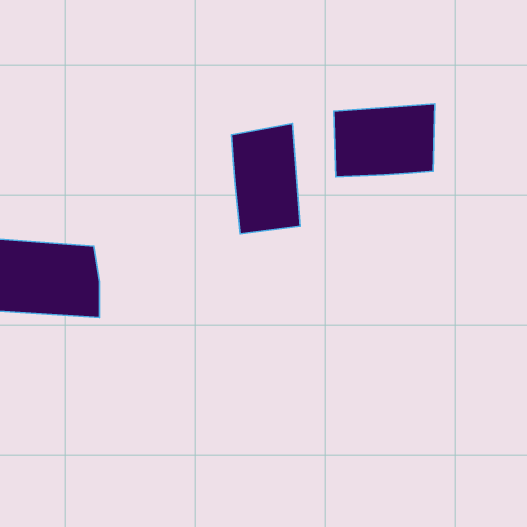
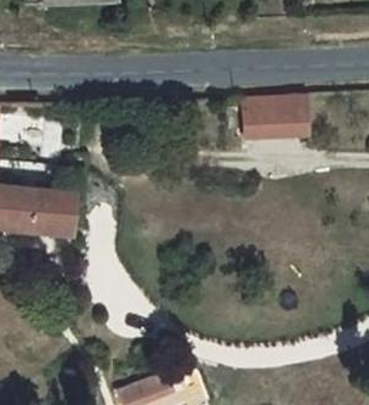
building: [231,123,300,234] -> none

